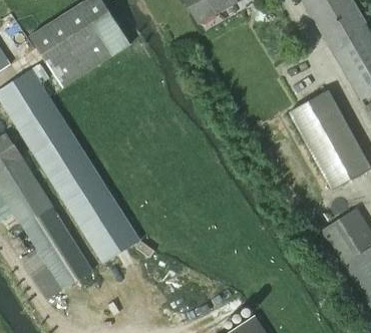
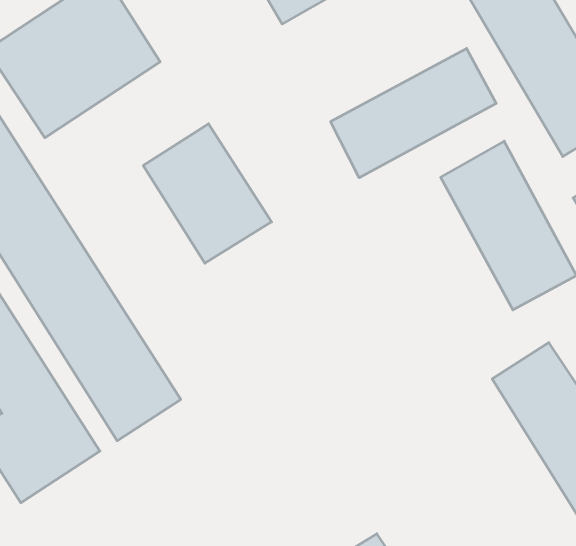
building: none -> [331,48,496,178]
building: none -> [143,124,272,263]

